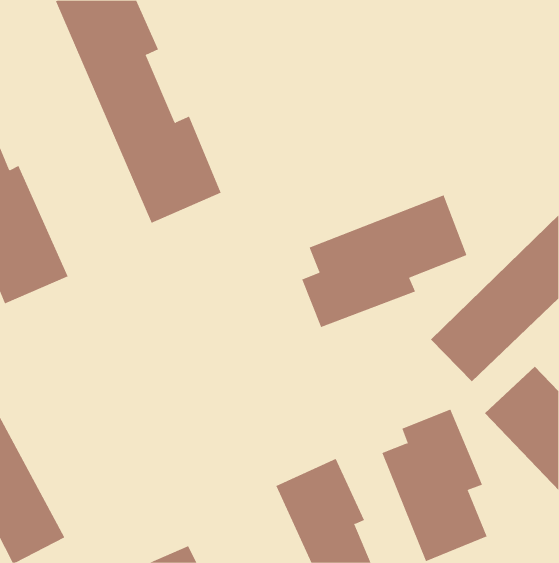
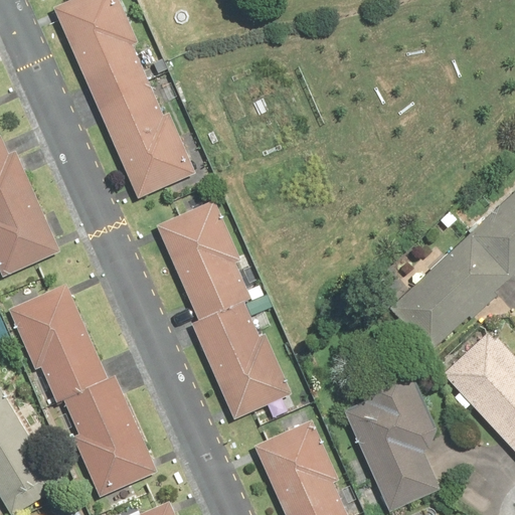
building: [301,194,467,328] -> none
building: none -> [159,200,295,420]
building: none -> [13,290,160,497]

